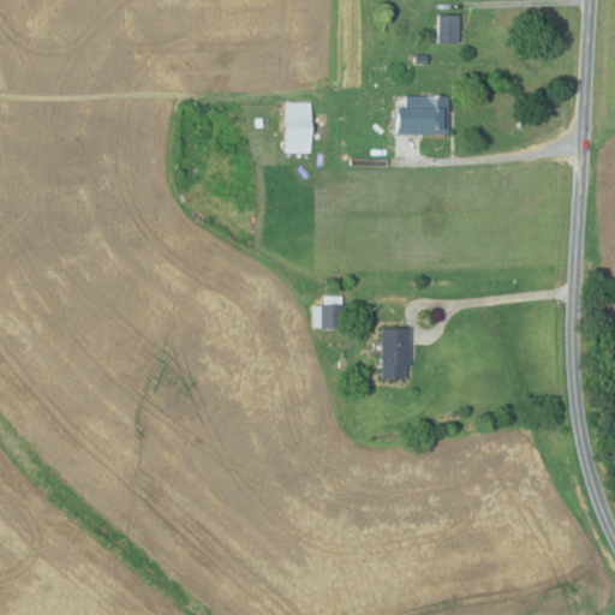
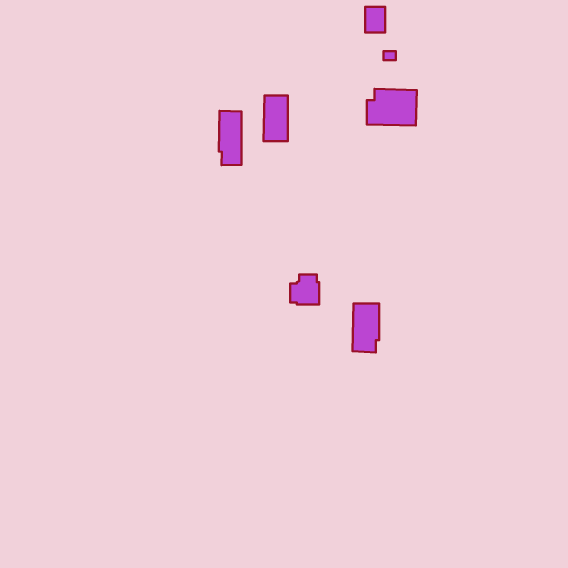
building: [438,16,460,43] -> [365,7,385,32]
building: none -> [219,111,241,165]

